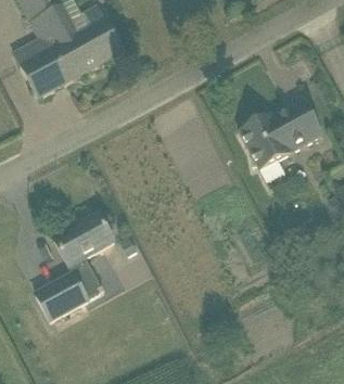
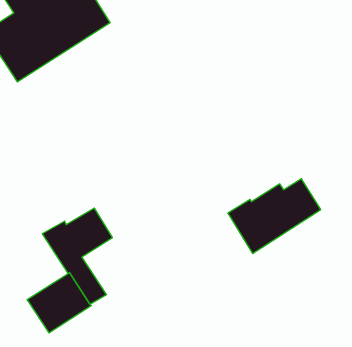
building: [240,104,322,167] -> [228,179,321,253]

